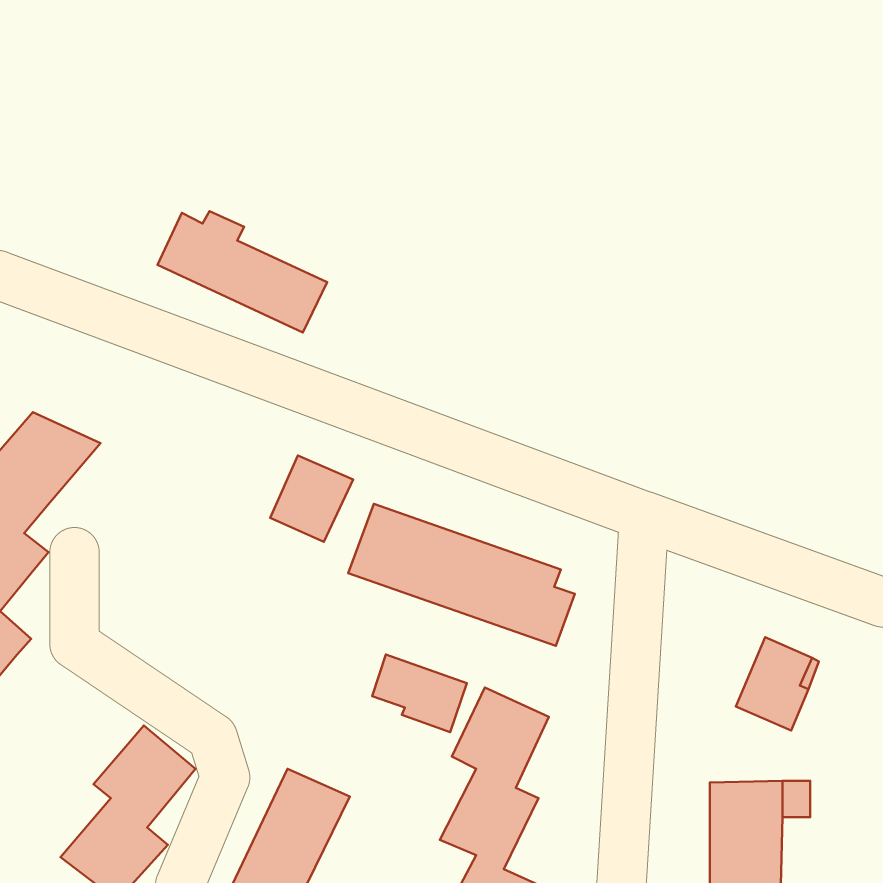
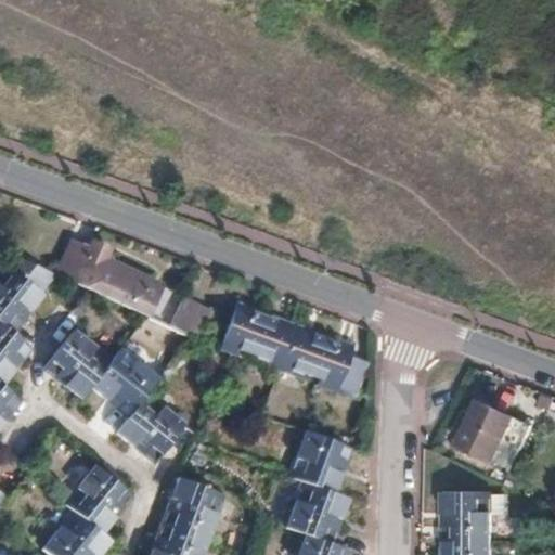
building: [158,211,327,332] -> [59,236,165,312]
building: none -> [59,331,198,459]
building: [372,655,467,732] -> none

